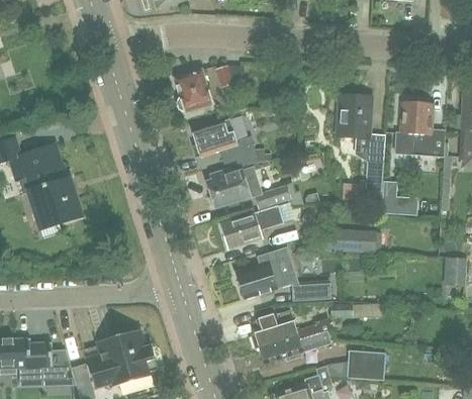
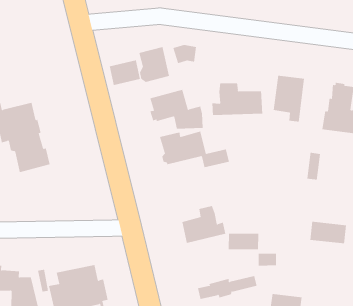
building: none -> [109,60,141,86]
building: none -> [212,82,263,116]
building: [365,154,384,191] -> none
building: [221,208,274,248] -> none
building: [334,229,376,254] -> [310,221,347,244]
building: [252,309,327,350] -> none

